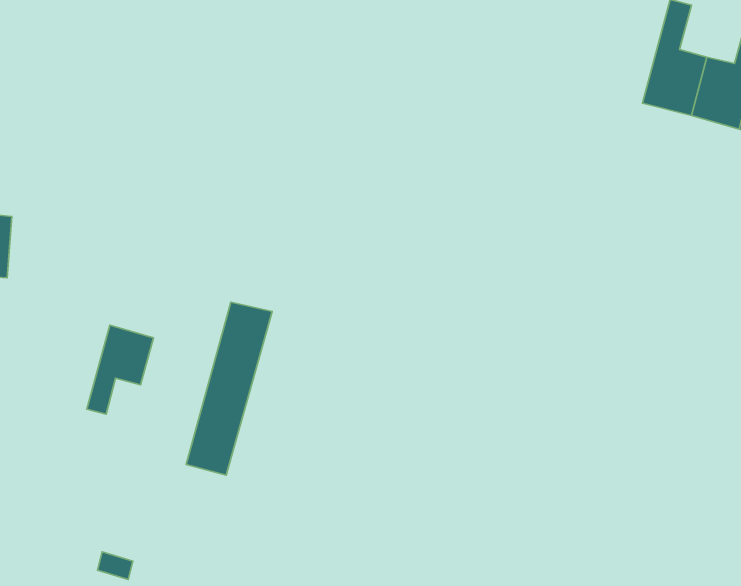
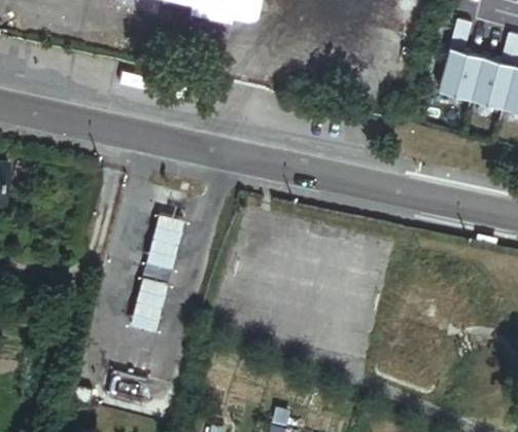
building: [87,325,154,414] -> none

